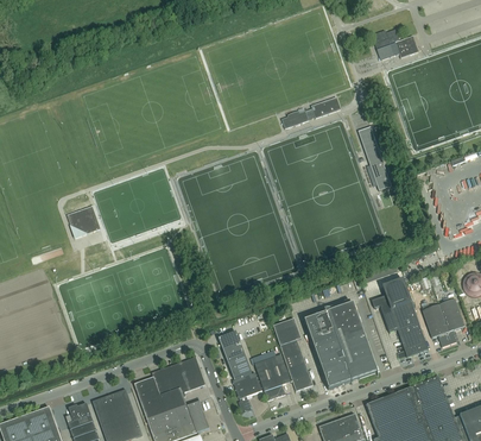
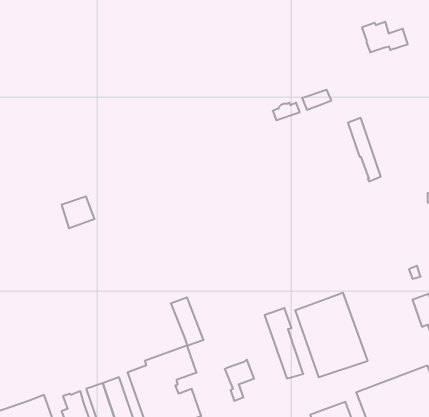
building: [372,278,428,357] -> none
building: [219,330,252,379] -> [171,297,204,346]
building: [254,354,291,401] -> none

